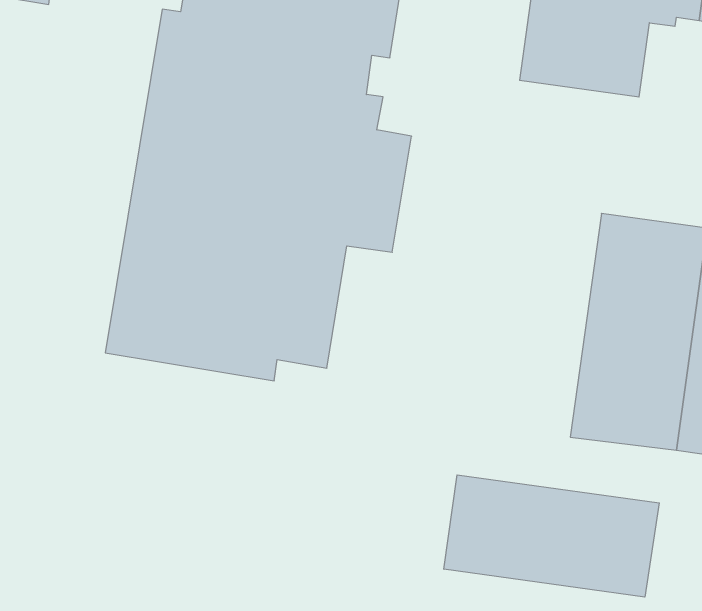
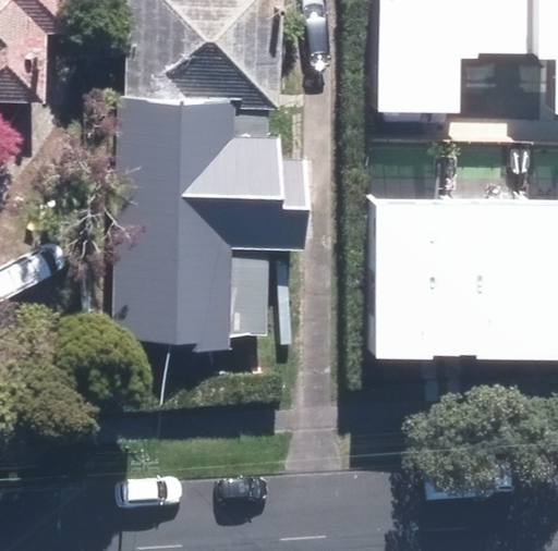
building: none -> [375,198,447,359]
building: [444,475,659,597] -> none

